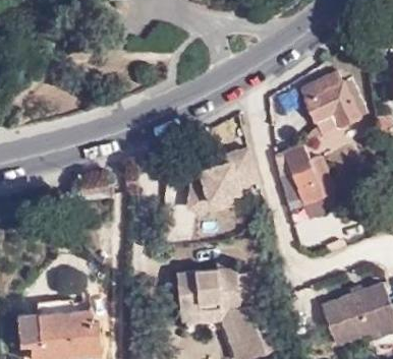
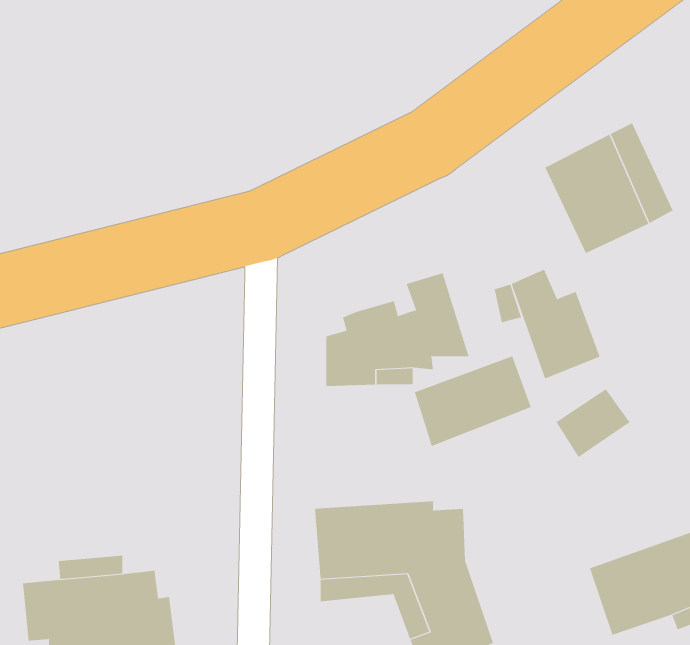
building: none -> [414,356,532,447]

